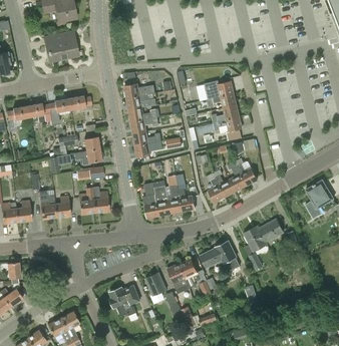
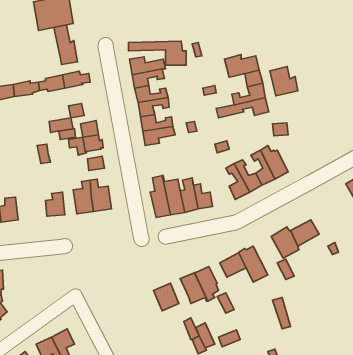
building: none -> [54,25,78,65]
building: none -> [270,67,298,96]
building: [39,191,56,219] -> none
building: [109,286,140,316] -> none

